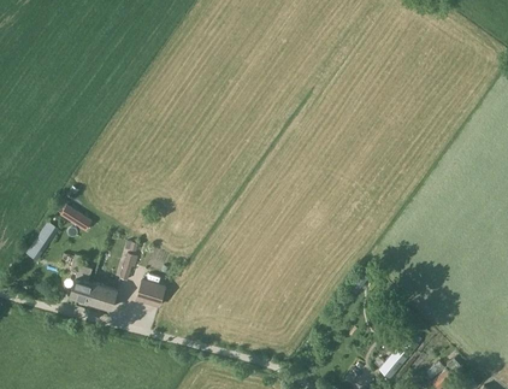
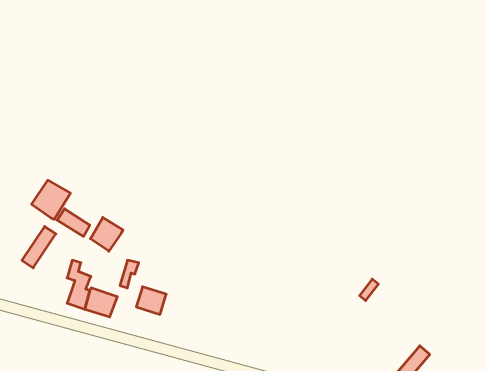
building: none -> [32,180,70,219]
building: none -> [90,217,123,251]

